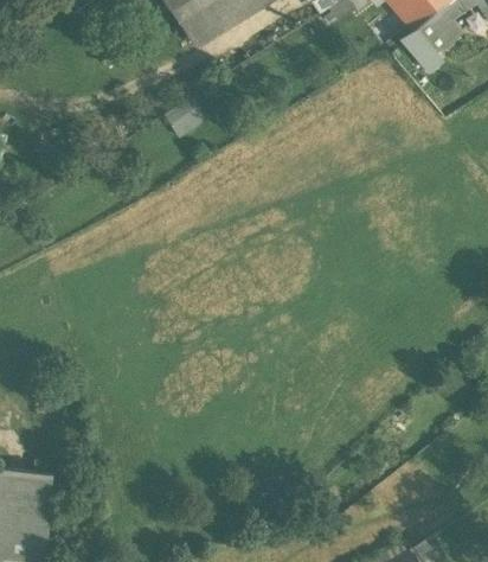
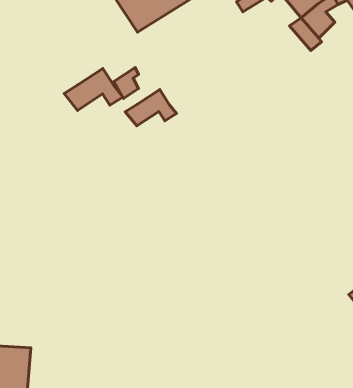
building: none -> [64,68,123,110]
building: none -> [125,90,176,126]

